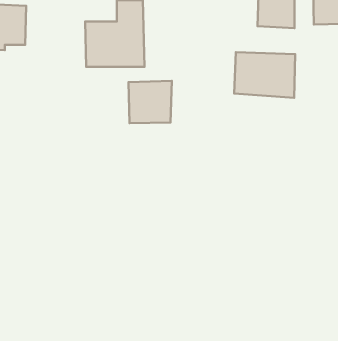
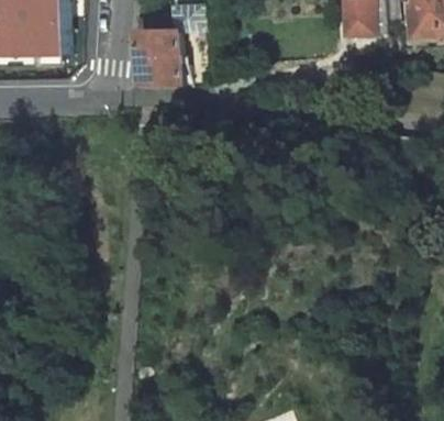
building: [234,52,295,98] -> none
building: [129,81,172,123] -> none

